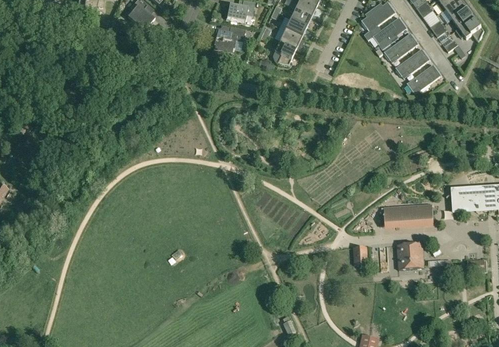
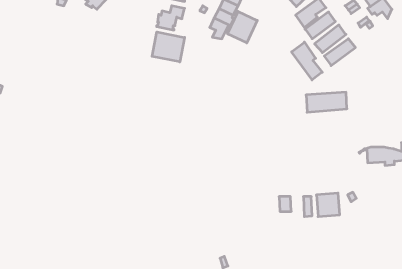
building: none -> [228,11,257,43]
building: none -> [152,32,185,62]
building: none -> [292,42,322,80]
building: [384,201,431,224] -> [306,92,347,112]

